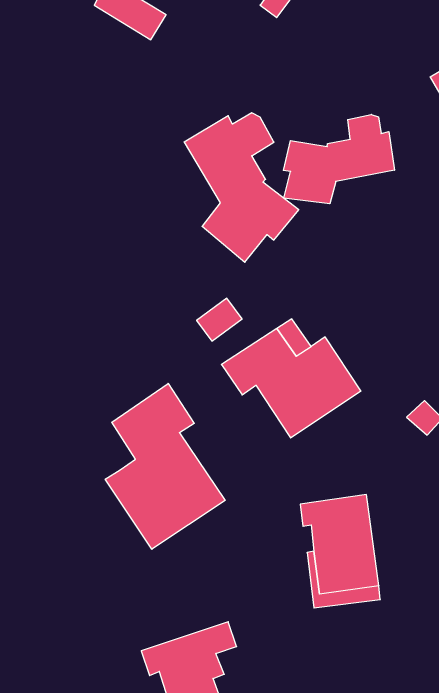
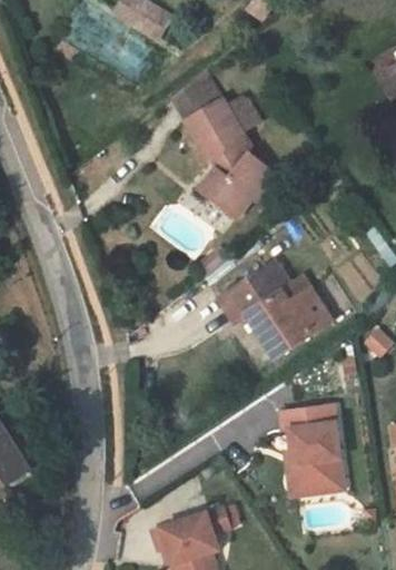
building: none -> [172,71,222,120]
building: [283,114,394,204] -> none
building: [105,383,225,549] -> none

